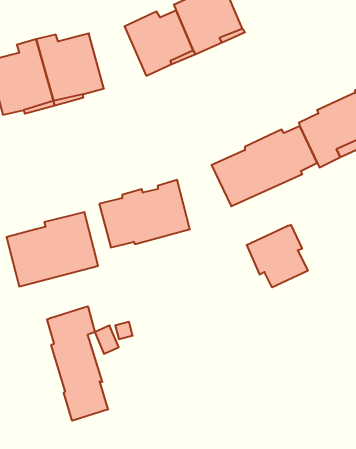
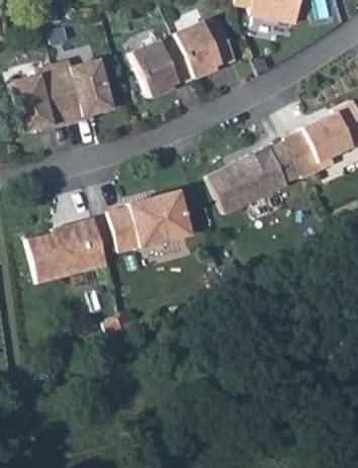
building: [247,225,308,287] -> none
building: [47,306,108,421] -> none

